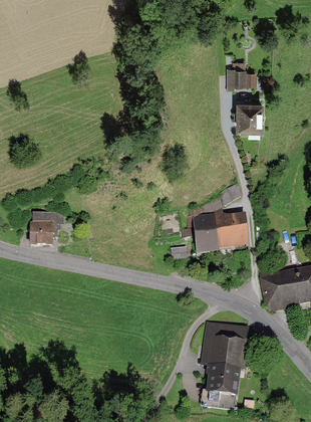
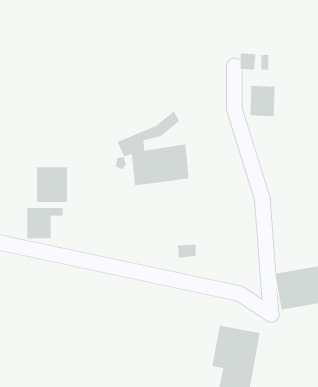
building: none -> [36,166,68,203]
building: [179,182,248,252] -> [115,110,189,186]

